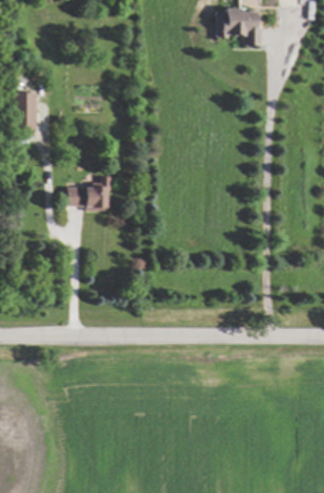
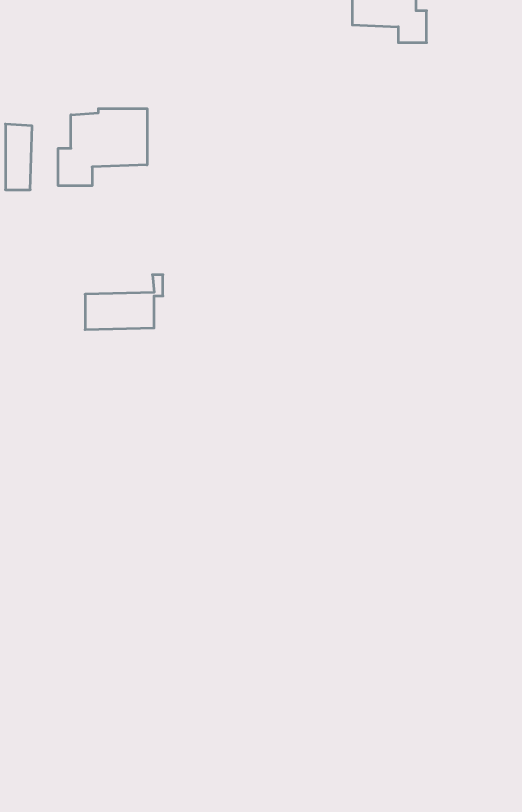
building: none -> [58,109,147,186]

